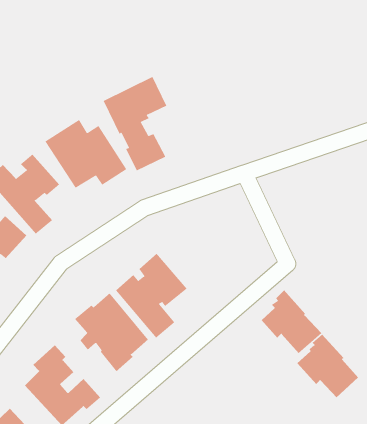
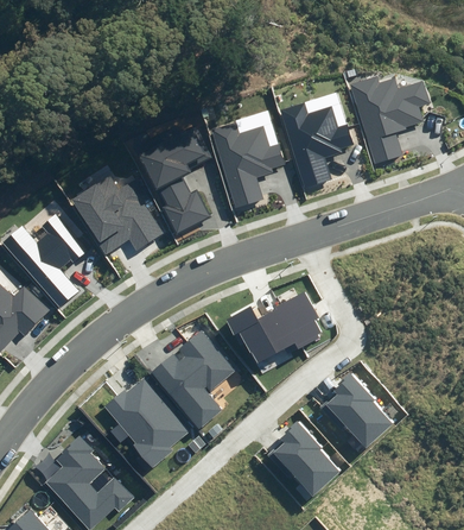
building: none -> [350,76,430,164]
building: none -> [279,102,352,188]
building: none -> [211,111,284,208]
building: none -> [224,292,320,364]
building: [297,334,359,398] -> [266,421,338,496]

